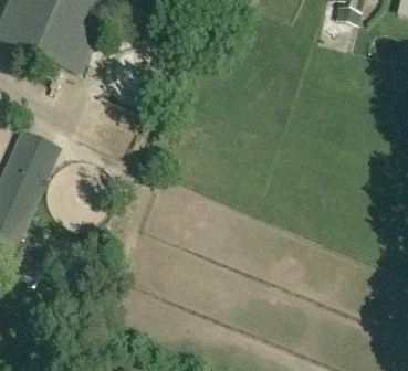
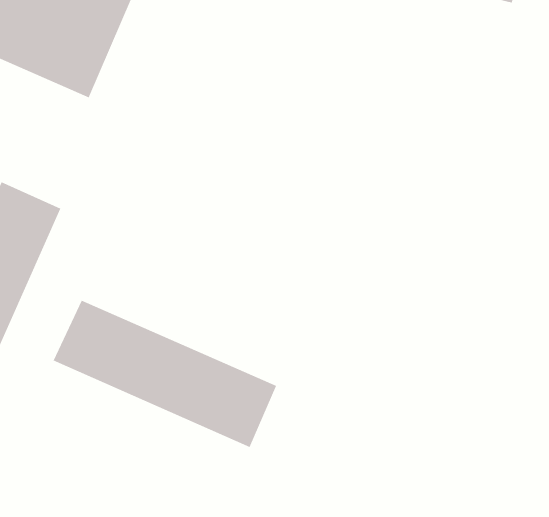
building: none -> [53,300,277,448]

